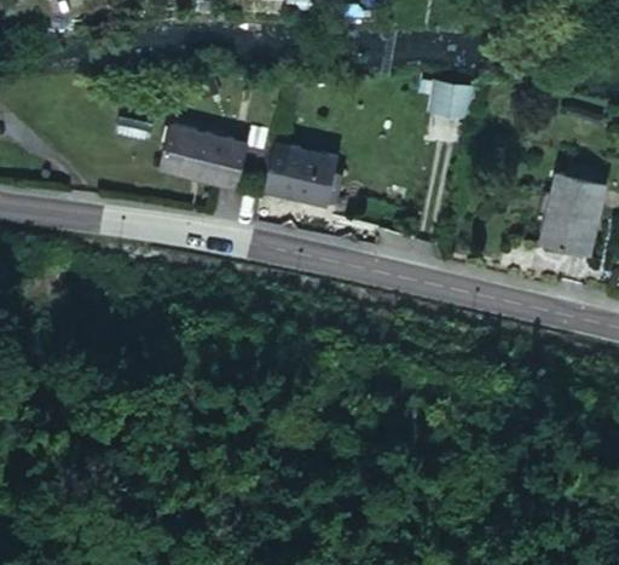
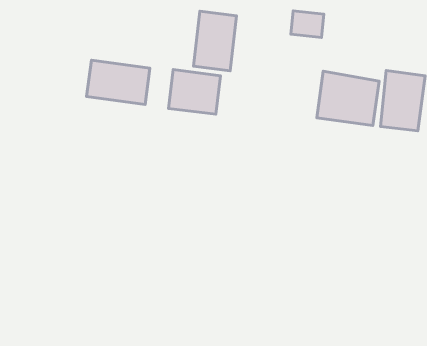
building: none -> [193,11,237,71]
building: none -> [317,71,379,125]

